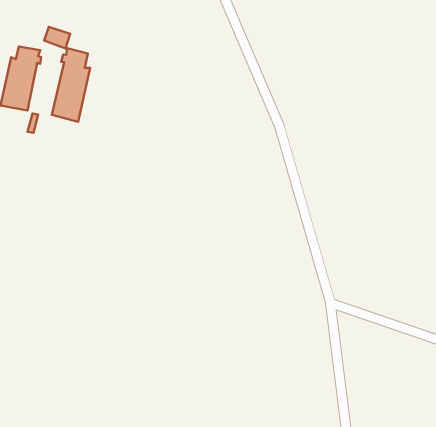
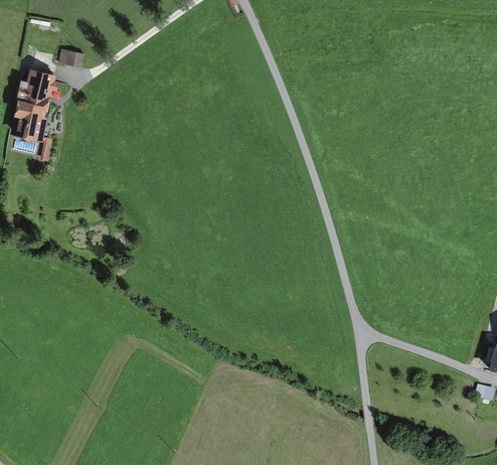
building: [52,48,90,122] -> none

